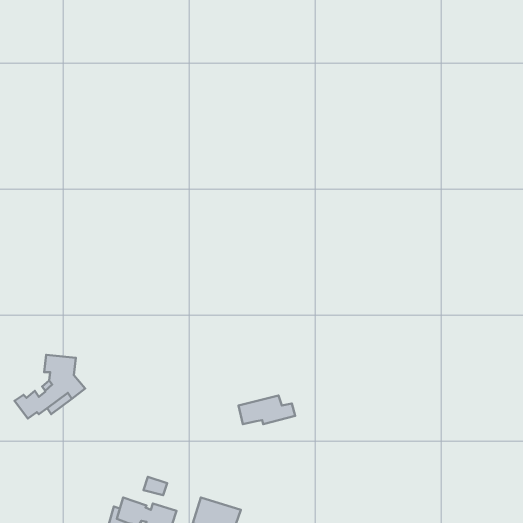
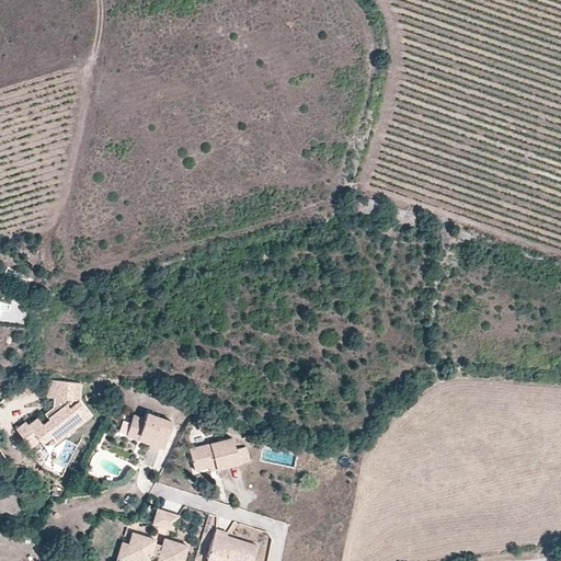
building: none -> [125,411,171,447]
building: [239,395,295,424] -> [191,439,251,470]

